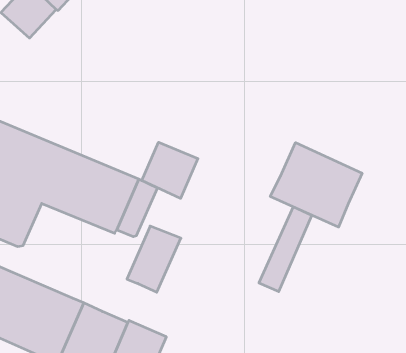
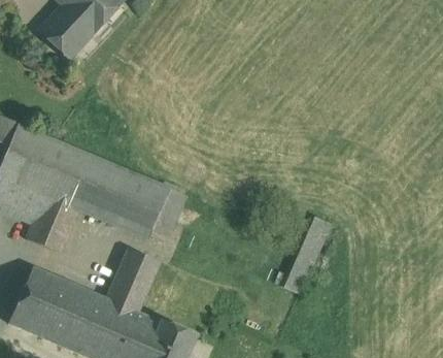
building: [142,142,198,198] -> none
building: [270,143,362,227] -> none
building: [127,226,181,292] -> [107,249,158,311]

